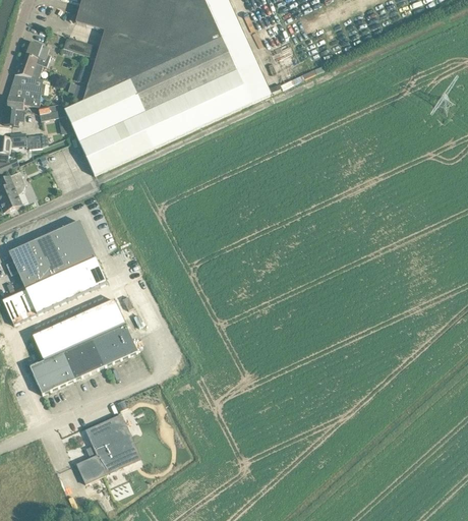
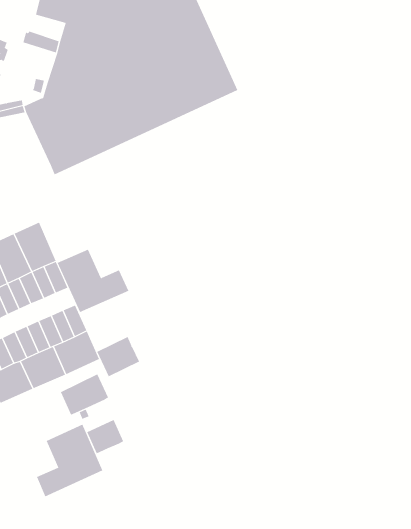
building: none -> [57,249,129,313]
building: none -> [97,336,140,377]
building: none -> [60,374,109,416]
building: none -> [86,419,124,454]

